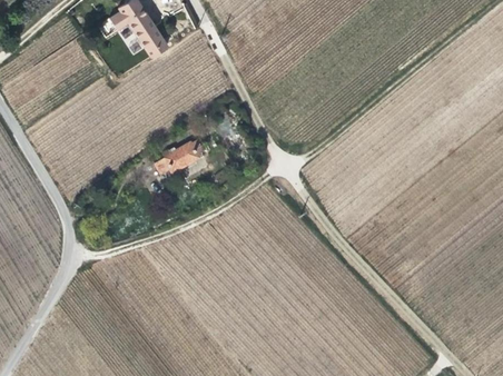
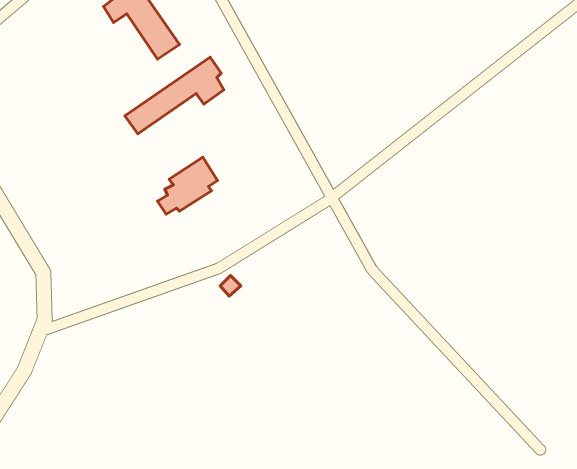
building: none -> [125,57,224,134]

